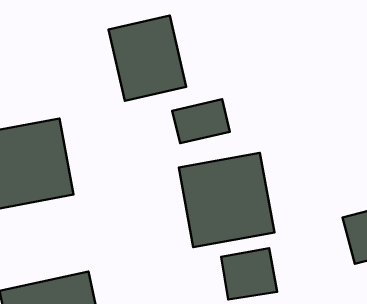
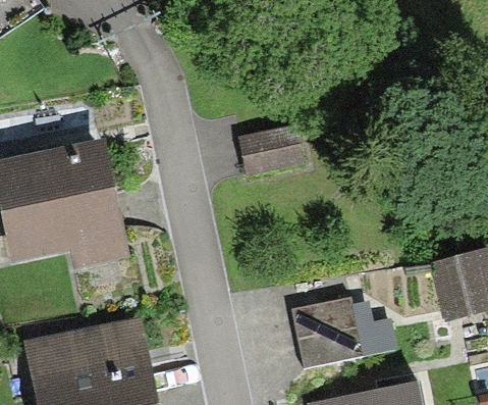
building: [109,15,186,101] -> none
building: [179,153,274,247] -> none

